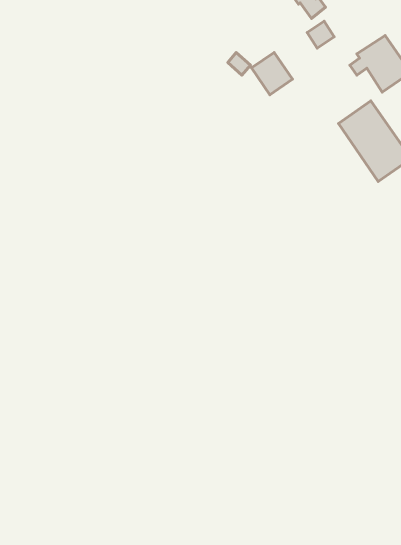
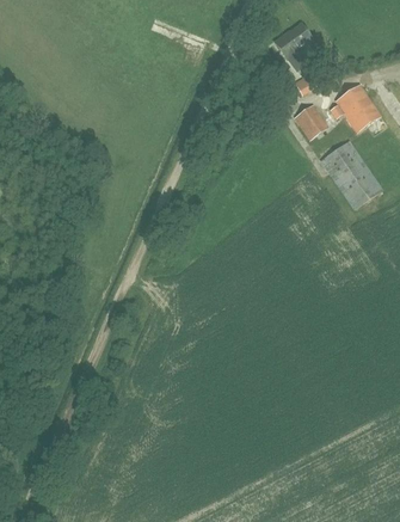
building: [251,52,292,95] -> [294,104,328,140]

